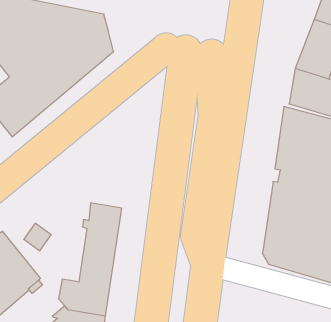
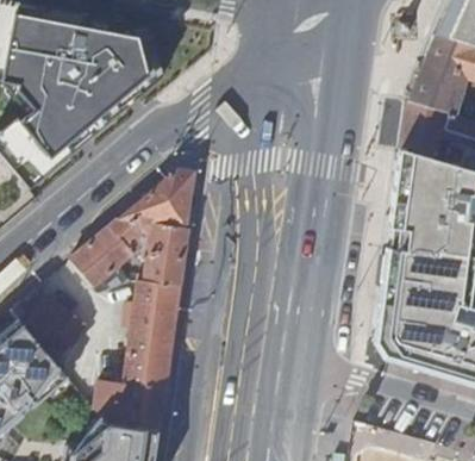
building: none -> [380,96,412,147]
building: none -> [71,166,196,286]

